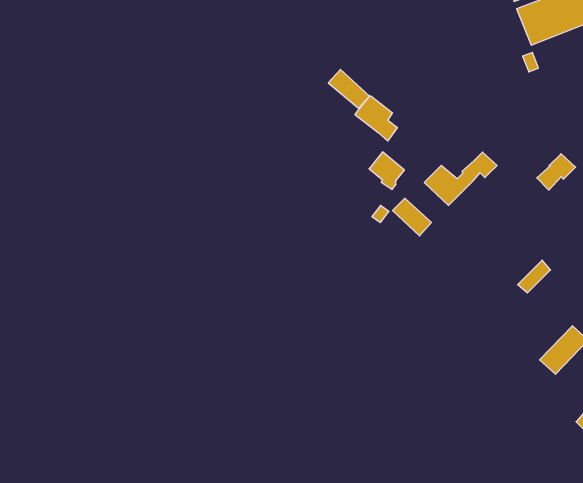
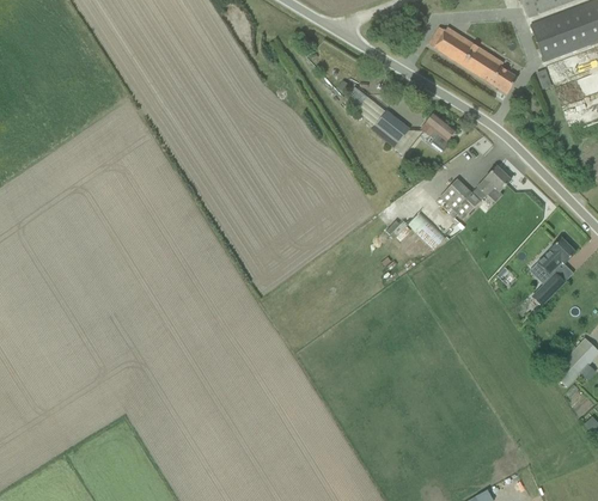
building: none -> [428,25,518,92]
building: [369,152,404,189] -> [421,111,456,148]
building: [537,154,576,190] -> [538,237,576,273]

